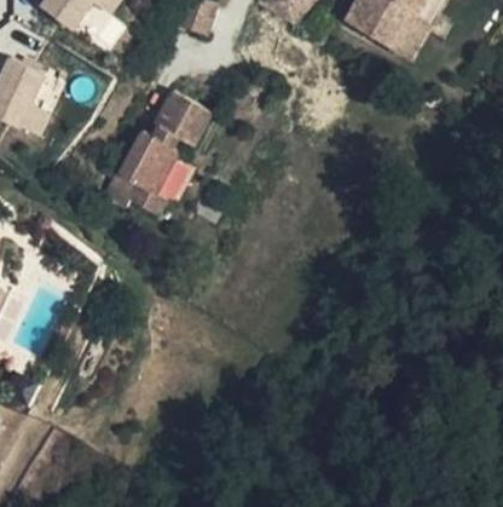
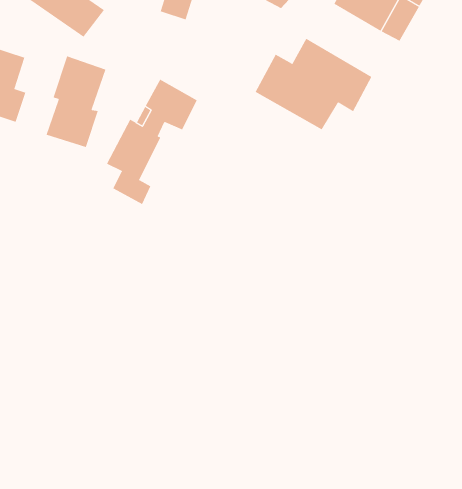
building: none -> [255,38,372,130]
building: none -> [46,56,106,148]

